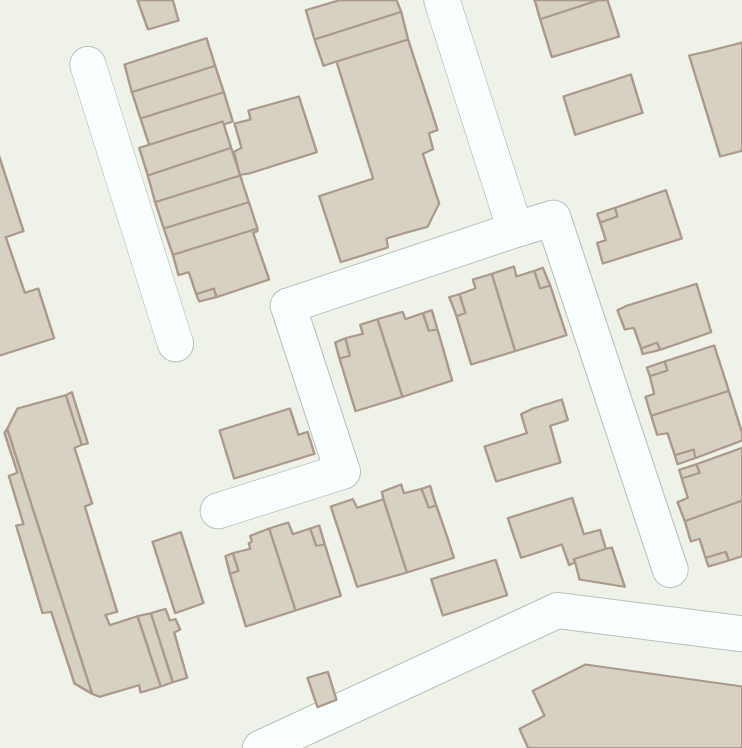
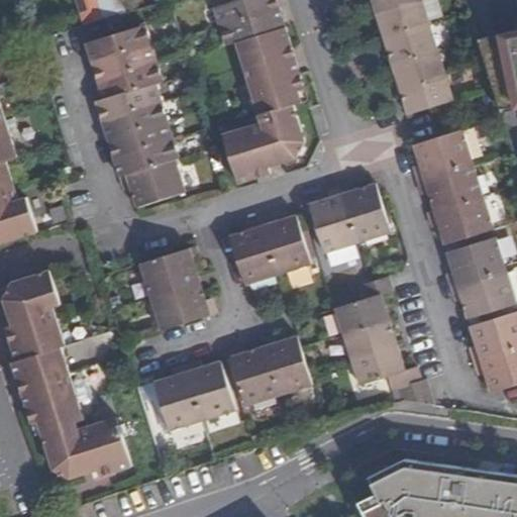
building: none -> [381,25,435,67]
building: [234,97,317,175] -> none
building: none -> [397,78,451,117]
building: none -> [416,165,481,211]
building: none -> [141,246,201,297]
building: [152,532,204,613] -> none
building: [431,560,507,616] -> [342,319,395,357]

